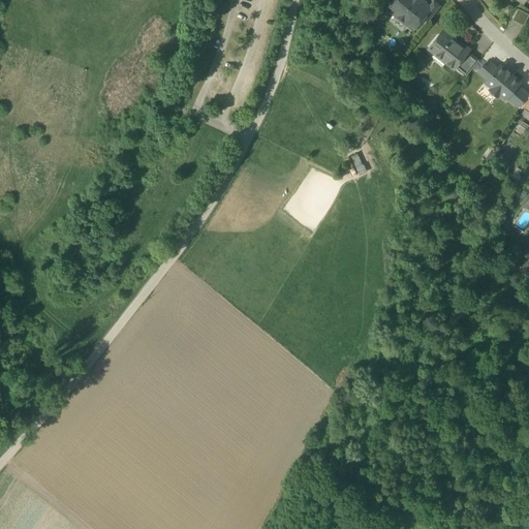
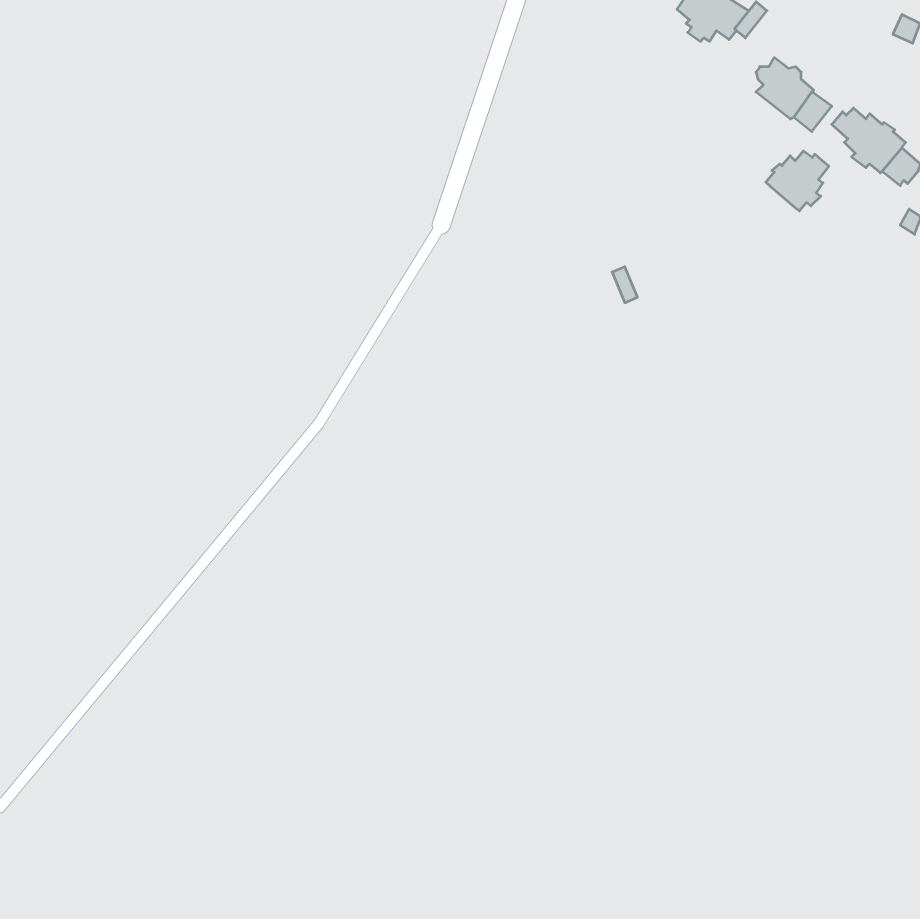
building: none -> [766,151,829,211]

